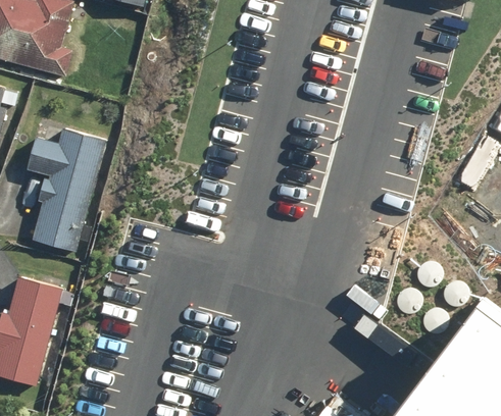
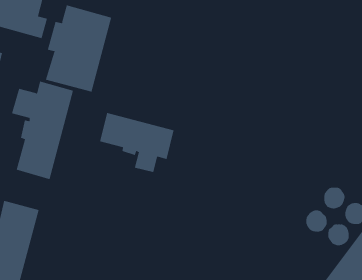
building: none -> [45,5,112,93]
building: none -> [99,112,174,173]

